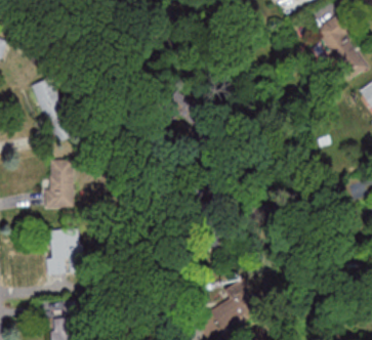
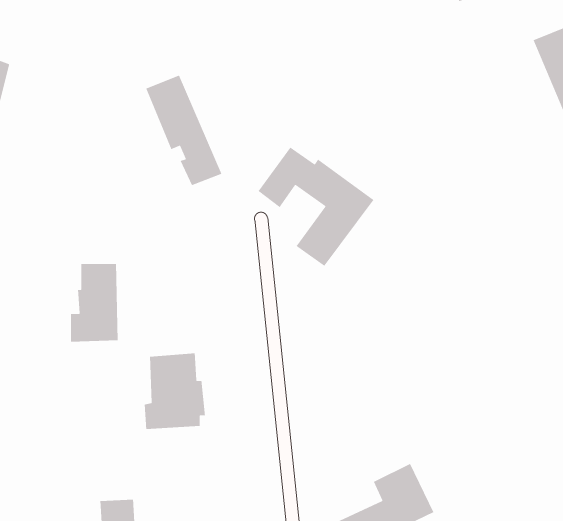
building: [30,78,76,144] -> [145,74,223,186]
building: [45,226,82,272] -> [144,353,206,430]

